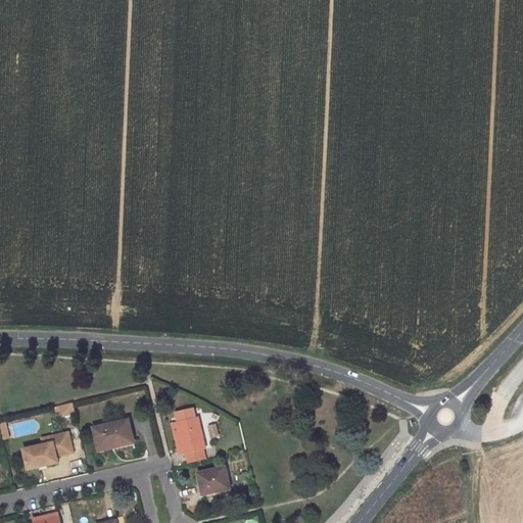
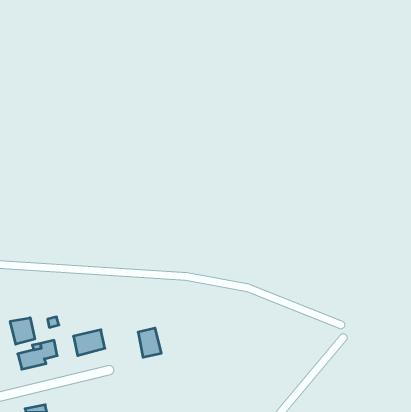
building: none -> [10,318,35,344]
building: [197,465,229,494] -> none

